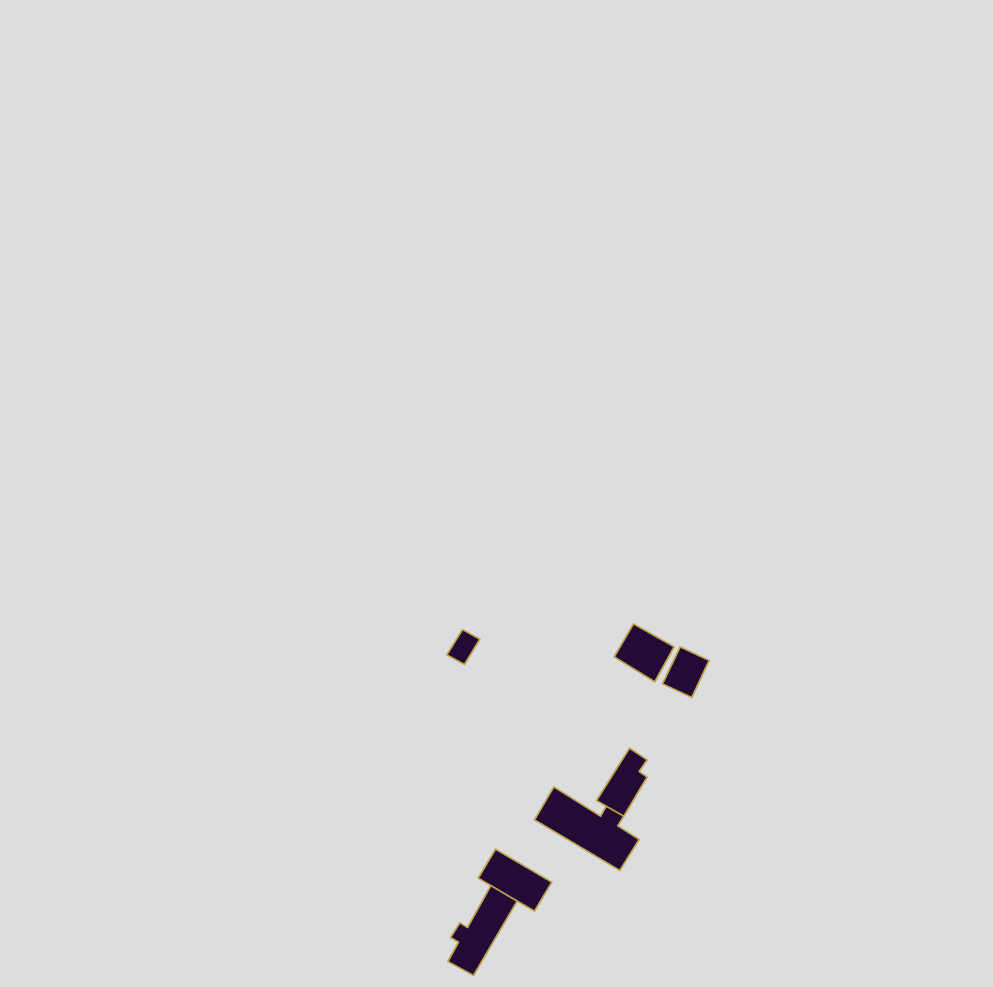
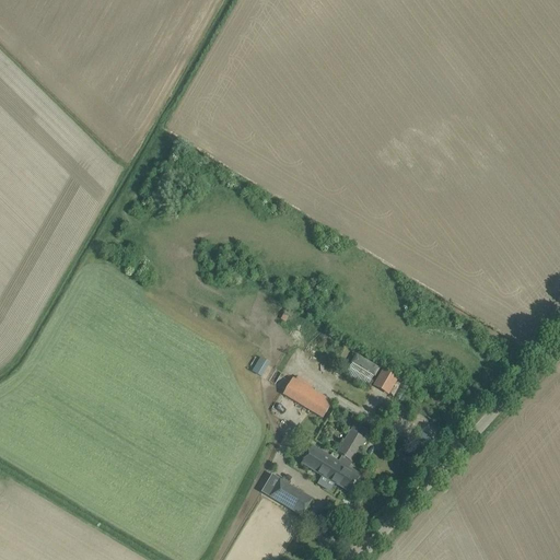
building: none -> [281,375,332,417]
building: [448,886,517,976] -> none

